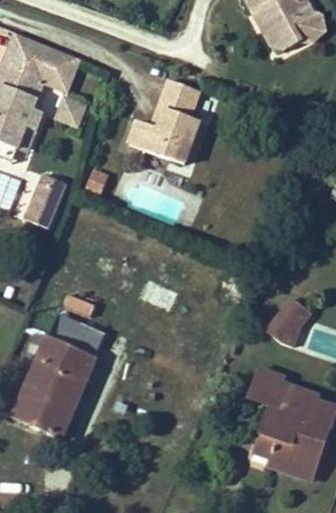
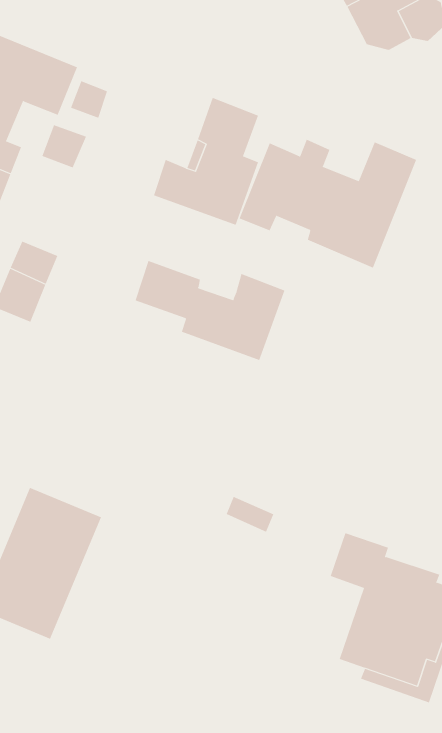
building: none -> [239,139,417,269]
building: none -> [135,260,285,361]
building: [266,298,311,346] -> none
building: [47,313,105,357] -> none

